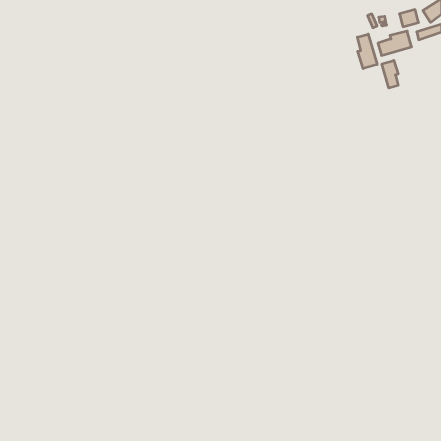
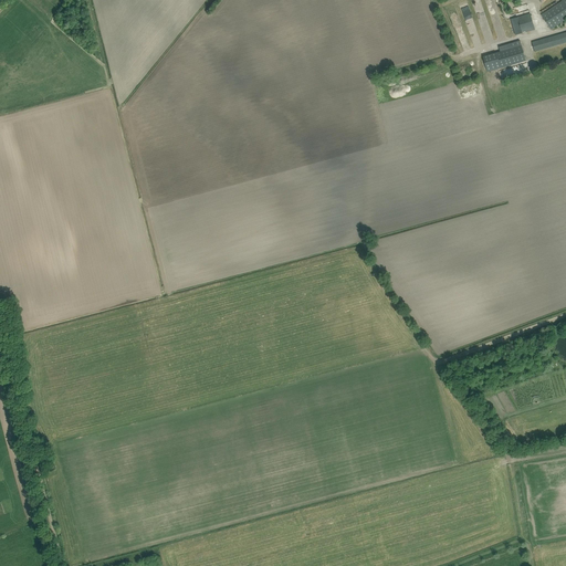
building: [357,34,377,69] -> none
building: [382,60,398,88] -> none

